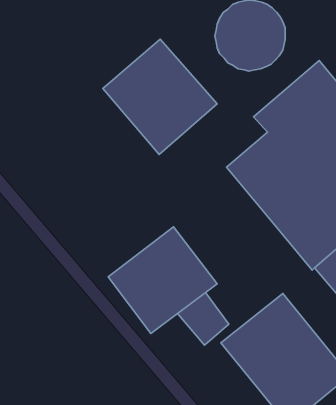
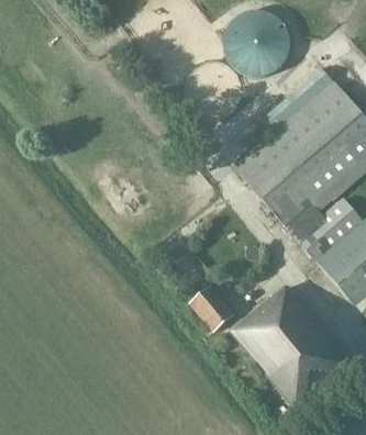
building: [103,39,217,154] -> none
building: [108,227,217,334] -> none

